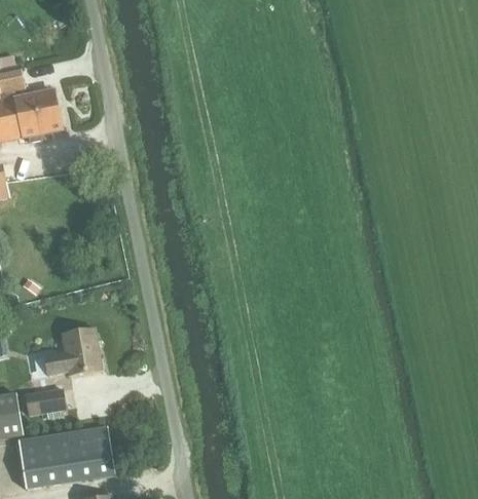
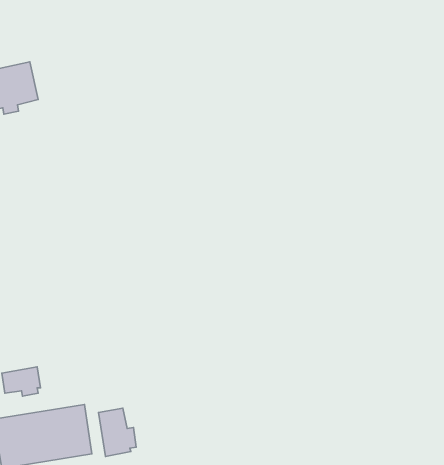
building: [43,329,101,376] -> none
building: none -> [99,408,136,456]

